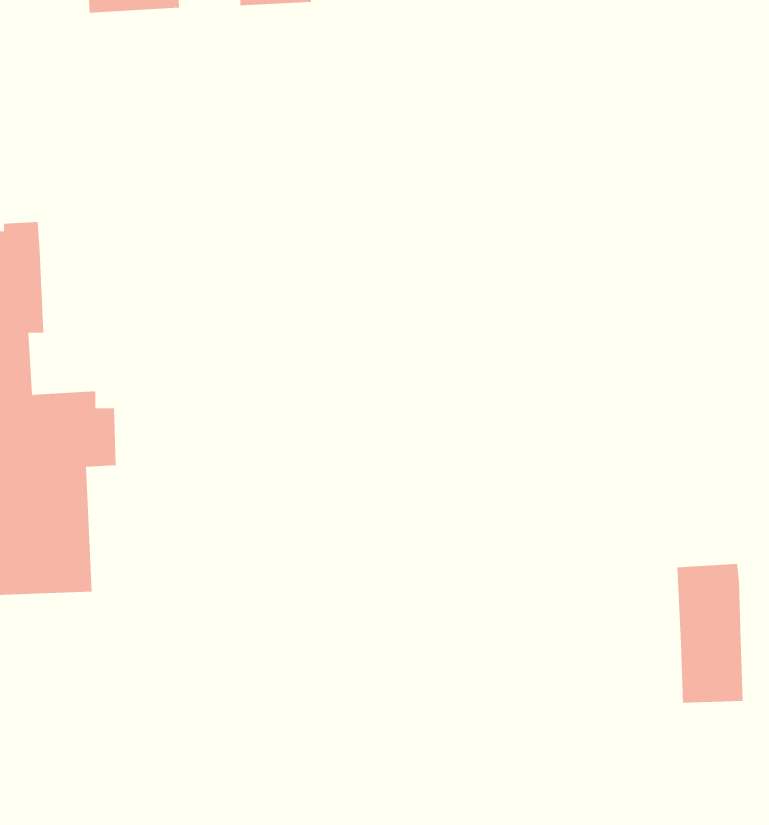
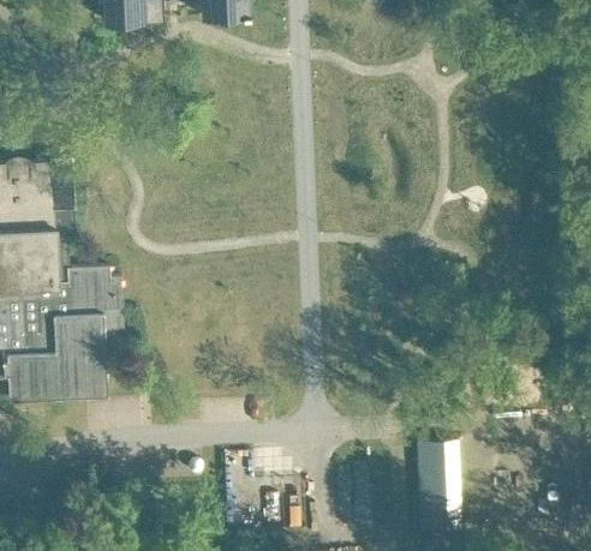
building: [676,563,743,703] -> [417,439,460,529]

